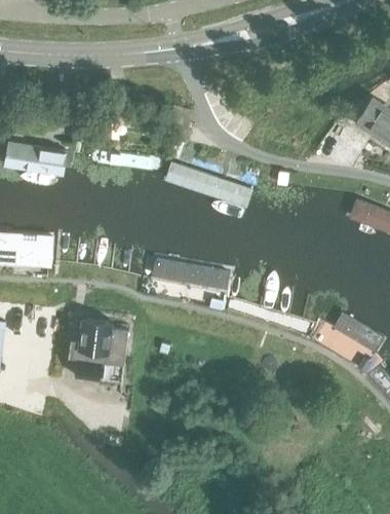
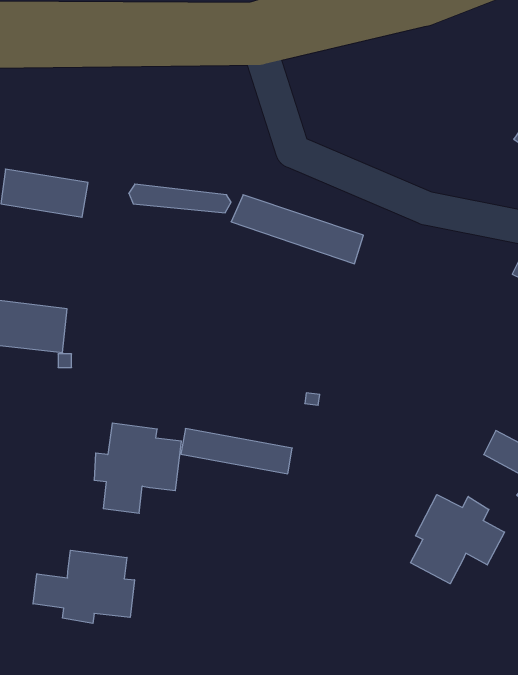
building: [158,264,234,295] -> [181,429,292,474]
building: none -> [411,495,505,584]
building: none -> [33,550,134,623]

